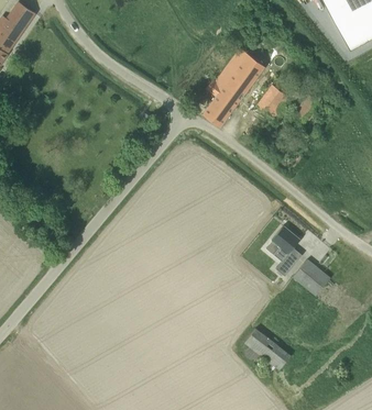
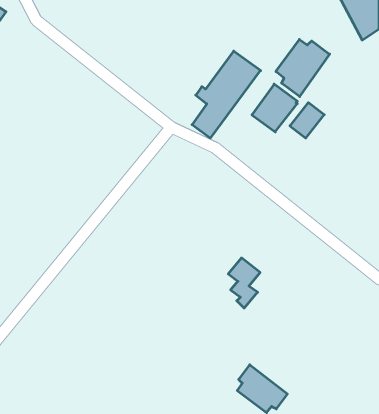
building: none -> [276,39,330,97]
building: [273,228,302,273] -> [228,258,260,308]
building: [293,259,330,296] -> none

